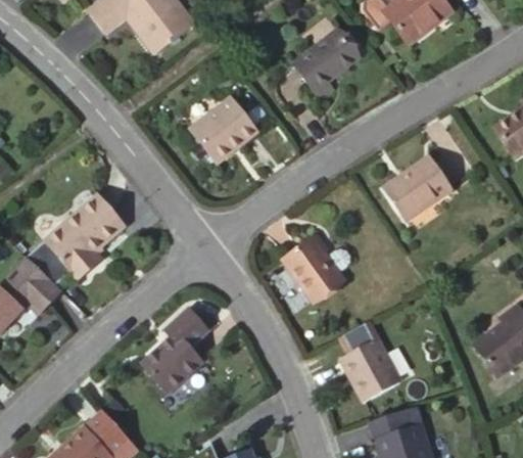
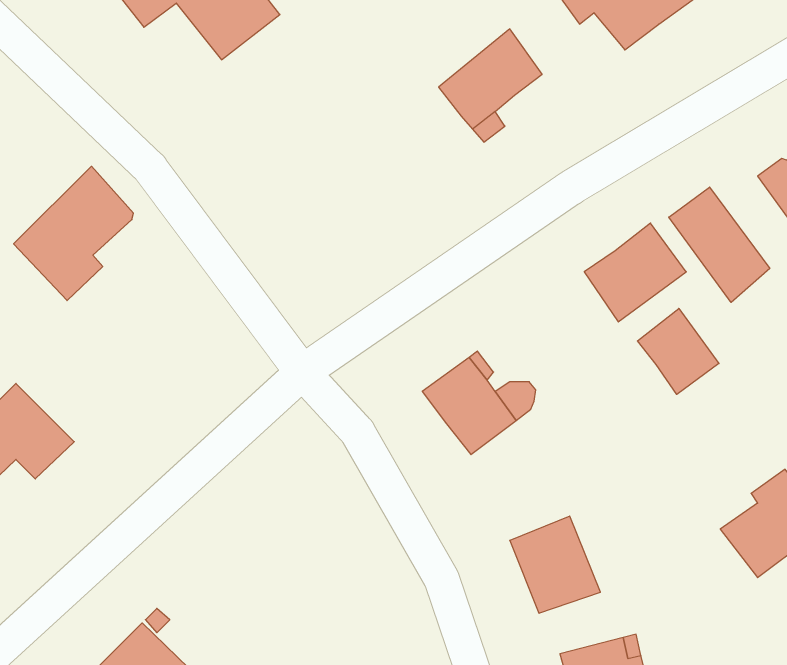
building: [195,100,262,167] -> none
building: none -> [669,187,770,302]
building: [45,195,121,280] -> [14,166,133,301]
building: none -> [637,308,719,394]
building: [144,320,204,379] -> none

